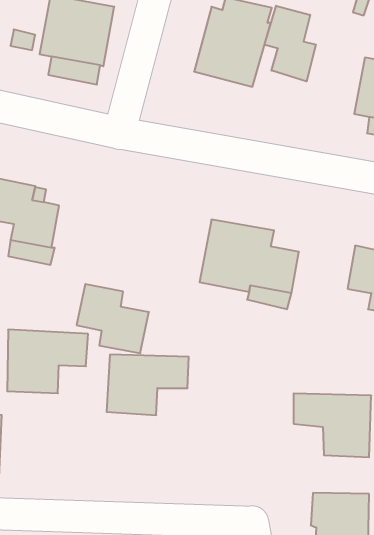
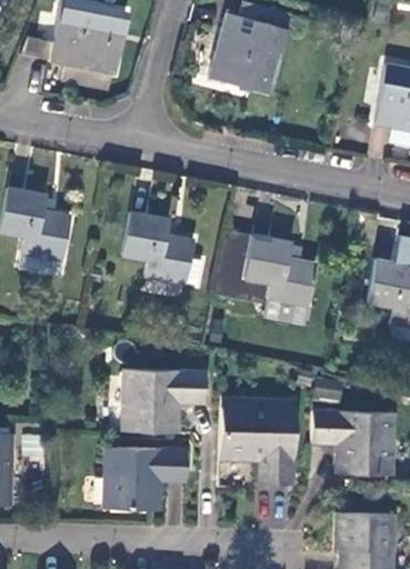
building: [265,6,316,81] -> none
building: [77,284,149,353] -> [122,212,197,283]
building: [7,330,88,393] -> [103,446,187,511]
building: none -> [219,395,300,482]

